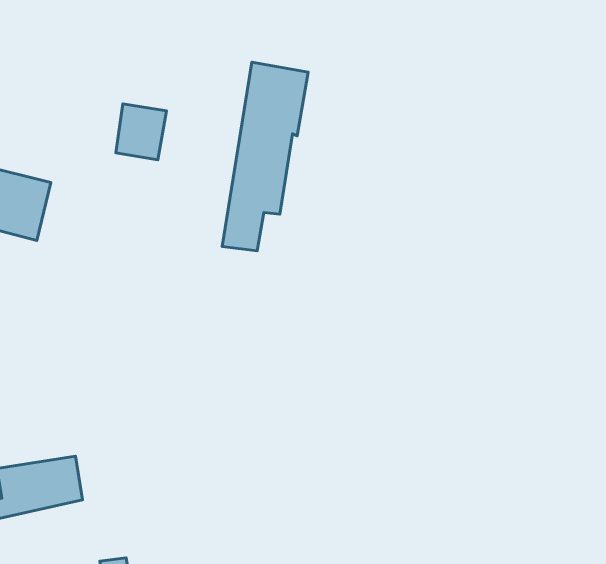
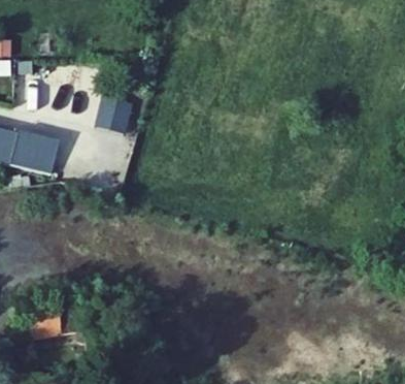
building: [222,62,308,251] -> none

